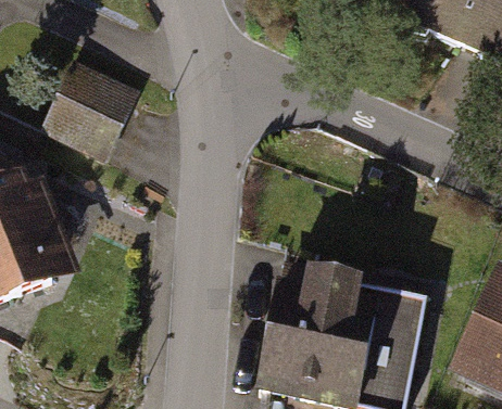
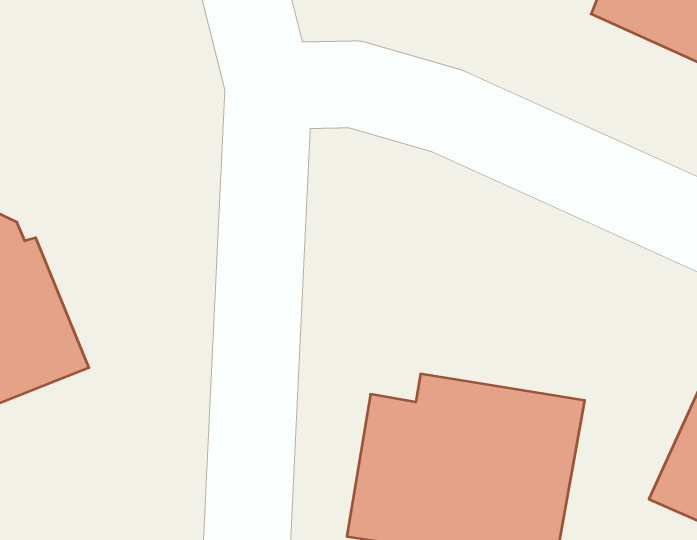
building: [41,59,134,153] -> none

